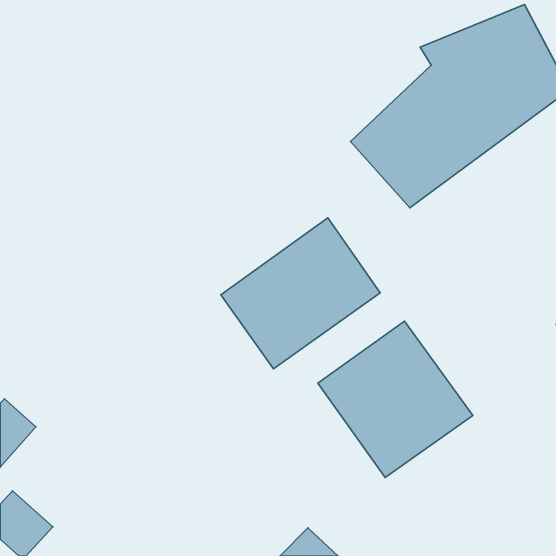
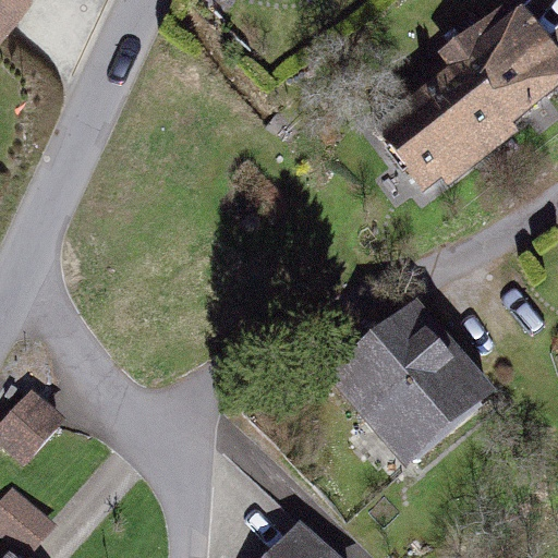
building: [221,218,380,369] -> none

